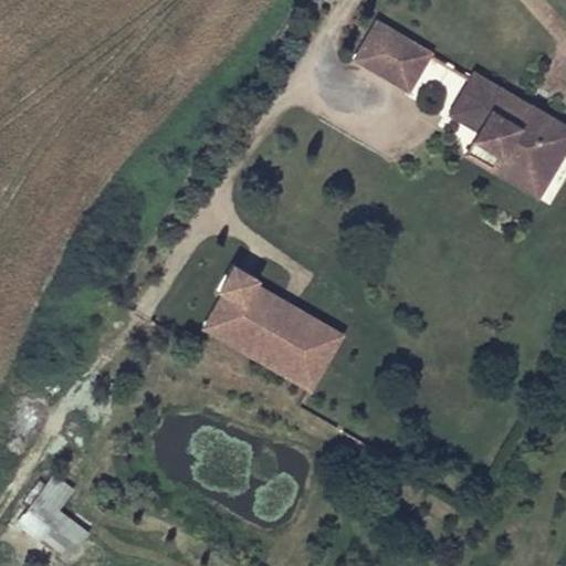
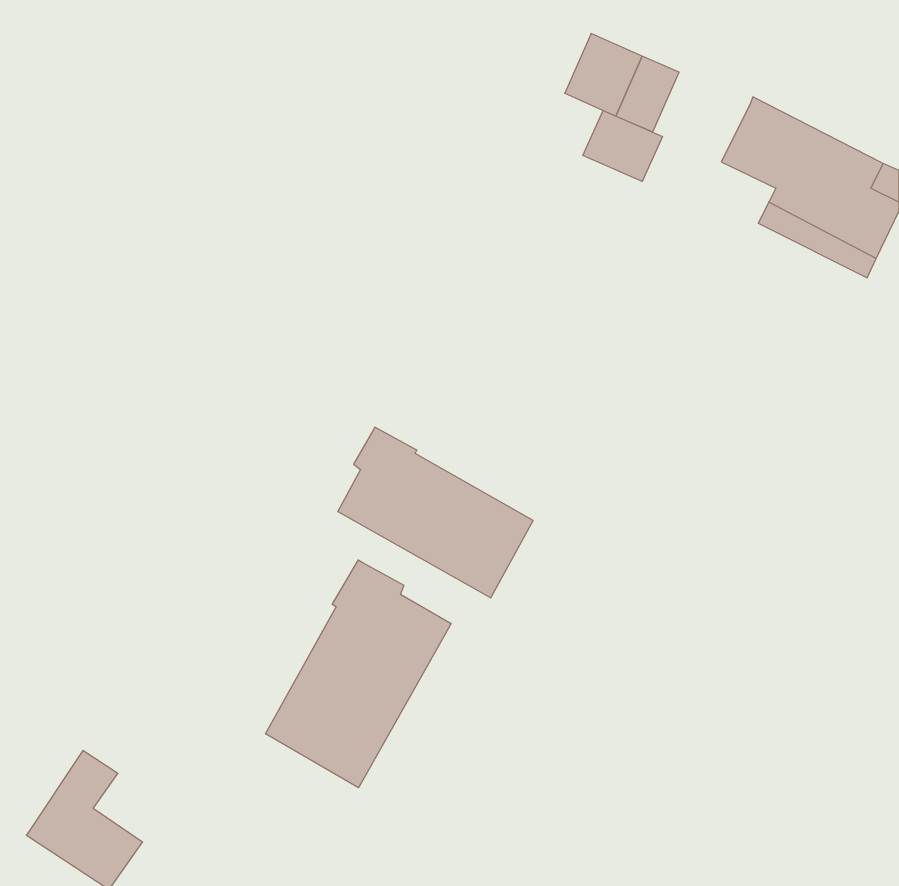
building: none -> [583,111,662,182]
building: none -> [265,560,451,788]

